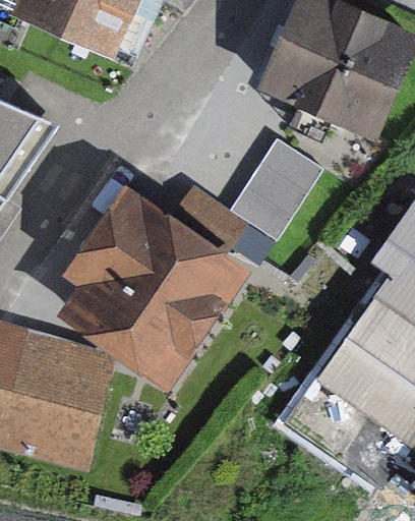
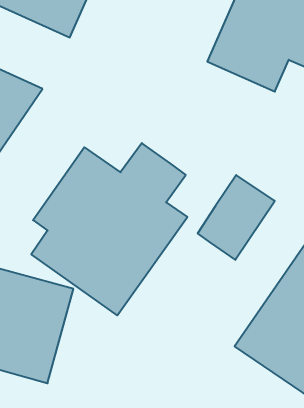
building: [222,140,313,241] -> [198,175,275,260]

